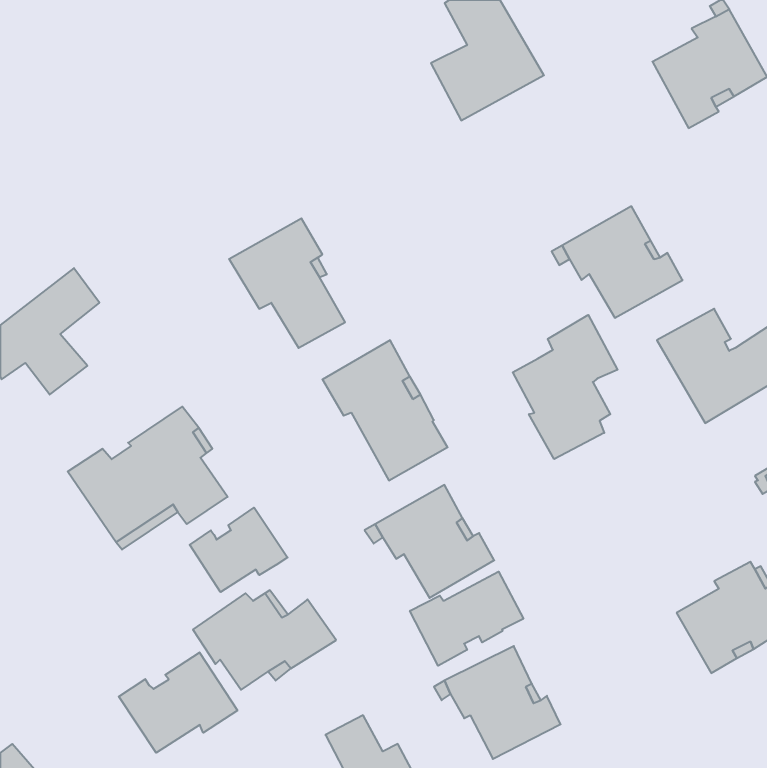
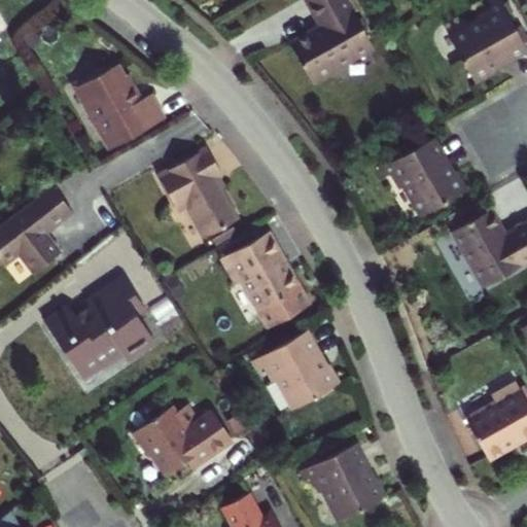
building: none -> [79,66,166,149]
building: [513,315,618,459] -> none
building: [190,508,288,592] -> none
building: [410,572,523,666] -> none
building: [119,652,237,753] -> none

